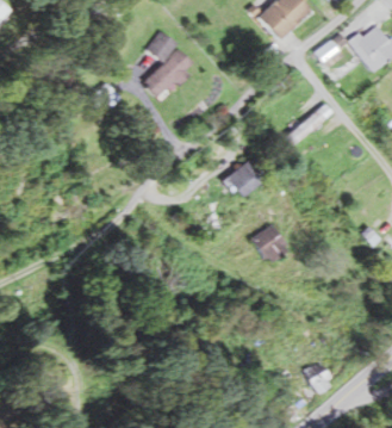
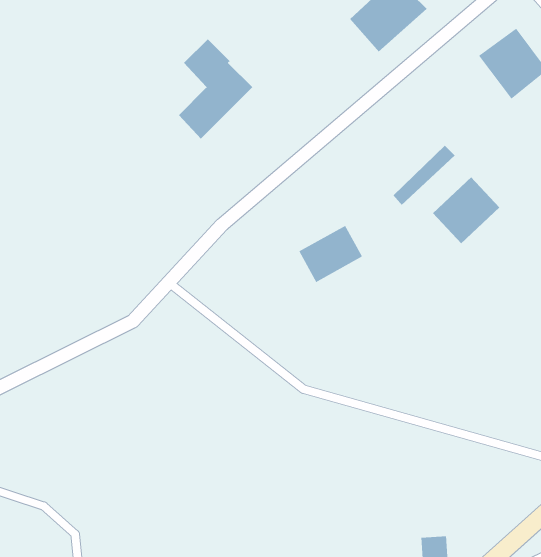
building: none -> [432,176,500,244]
building: [251,224,290,263] -> none

